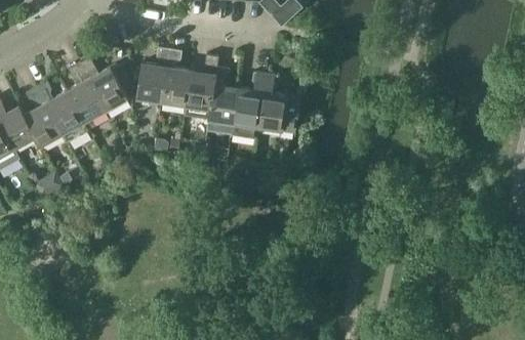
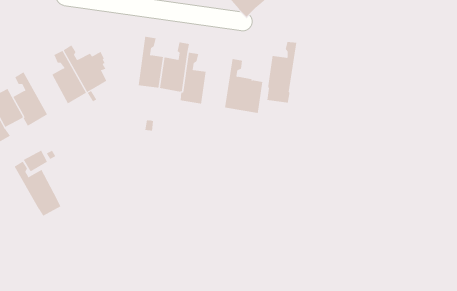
building: [136,46,169,102] -> none
building: [232,72,266,139] -> [266,42,297,103]
building: [36,81,88,142] -> [14,161,61,217]

